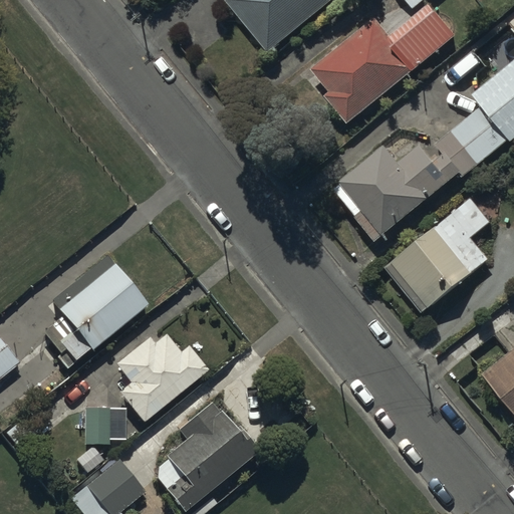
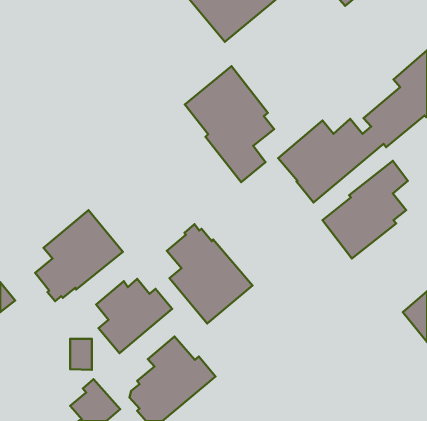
building: [312,4,457,123] -> none
building: none -> [185,66,274,182]
building: none -> [167,224,253,324]

